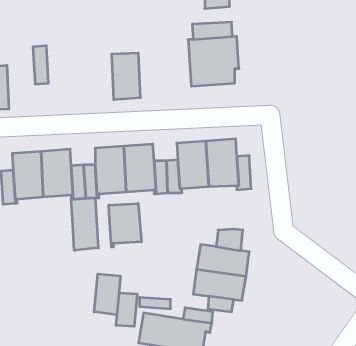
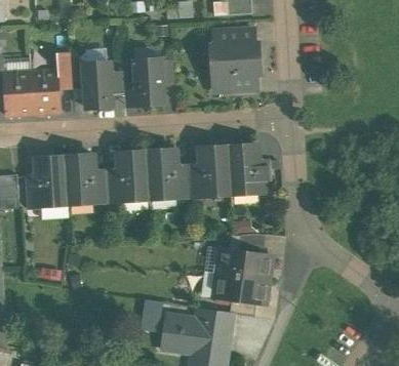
building: none -> [83,63,112,109]
building: none -> [31,71,59,115]
building: [71,198,98,250] -> none
building: [109,203,141,247] -> none
building: [94,274,120,315] -> none

